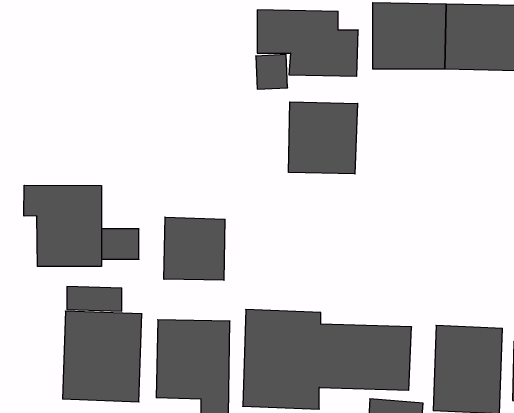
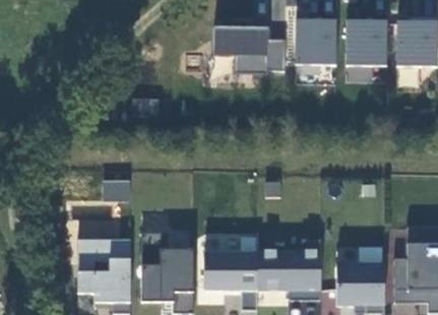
building: [289,102,358,174] -> none
building: [24,185,101,266] -> none
building: [164,217,225,280] -> none

